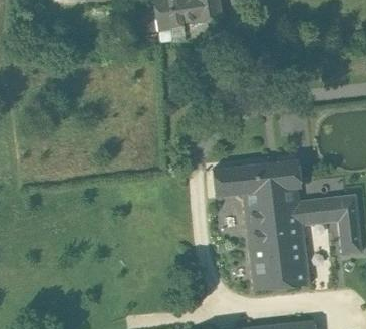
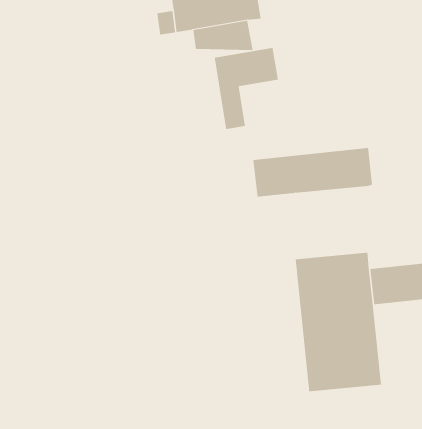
building: none -> [214,47,278,130]
building: [214,160,301,197] -> [253,147,373,197]

